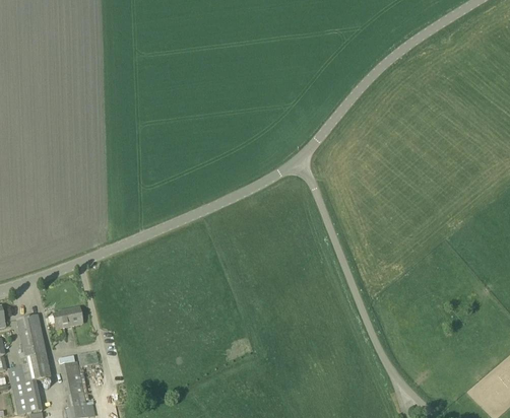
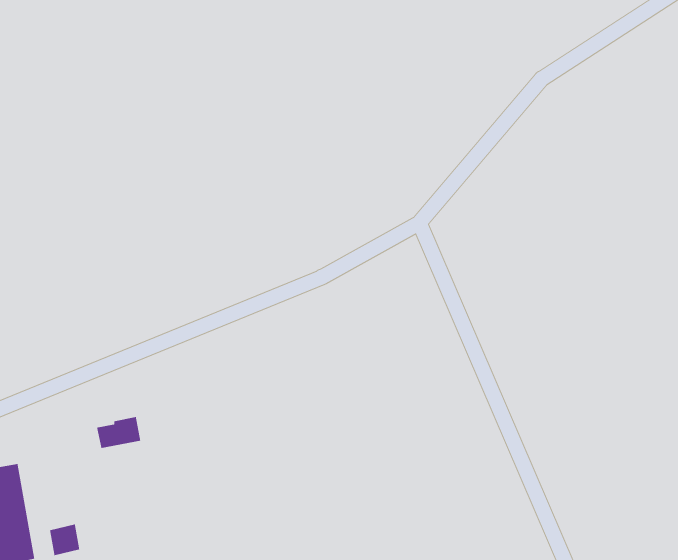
building: [53,306,82,328] -> [96,416,141,449]

